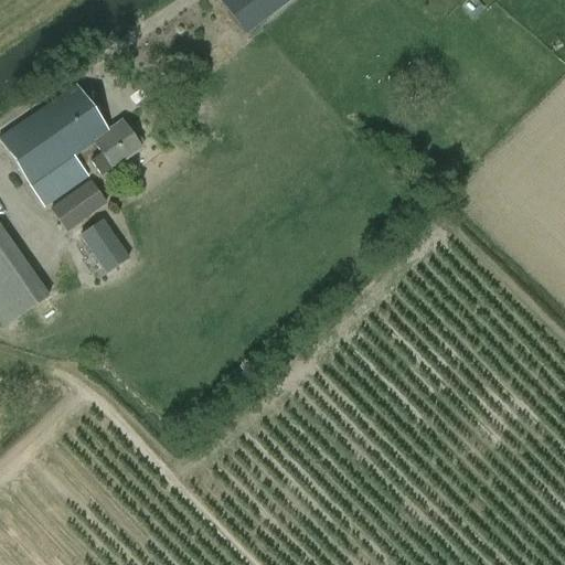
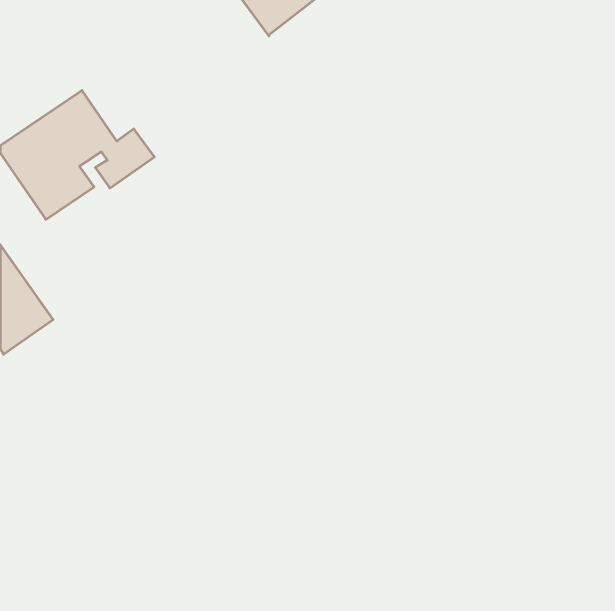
building: [50,178,106,228] -> none
building: [81,218,128,270] -> none

